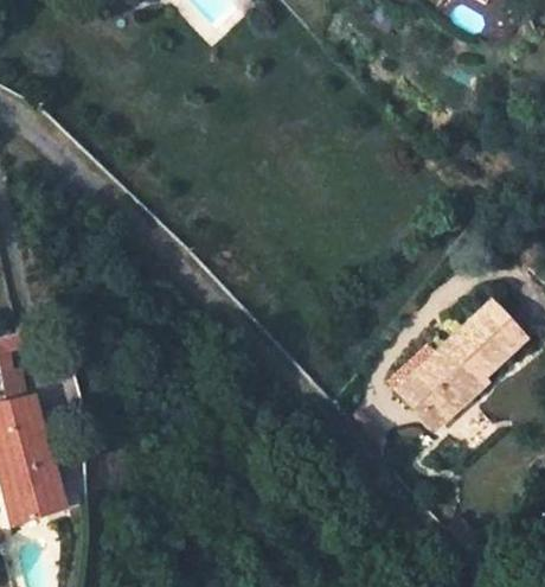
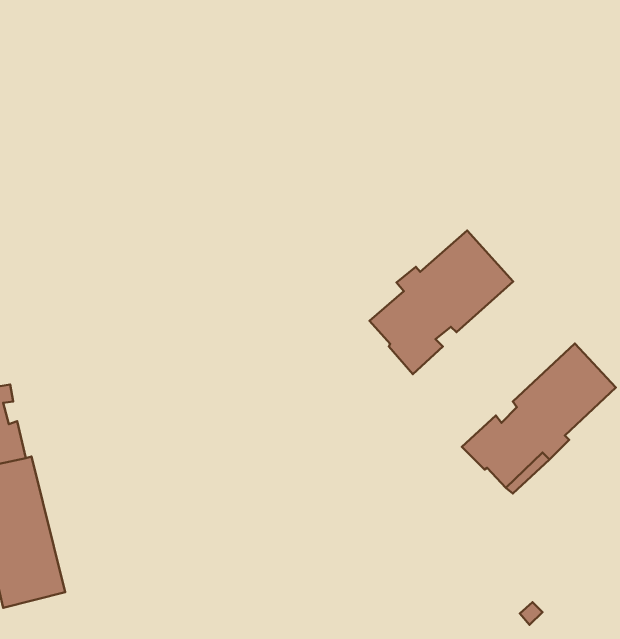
building: none -> [369,231,513,374]

